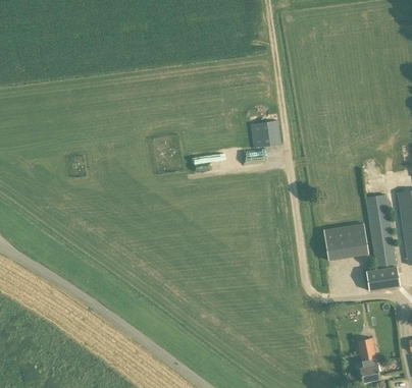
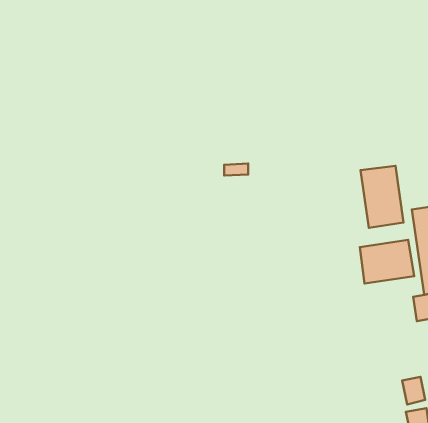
building: [251,119,281,147] -> none
building: none -> [360,166,403,228]

